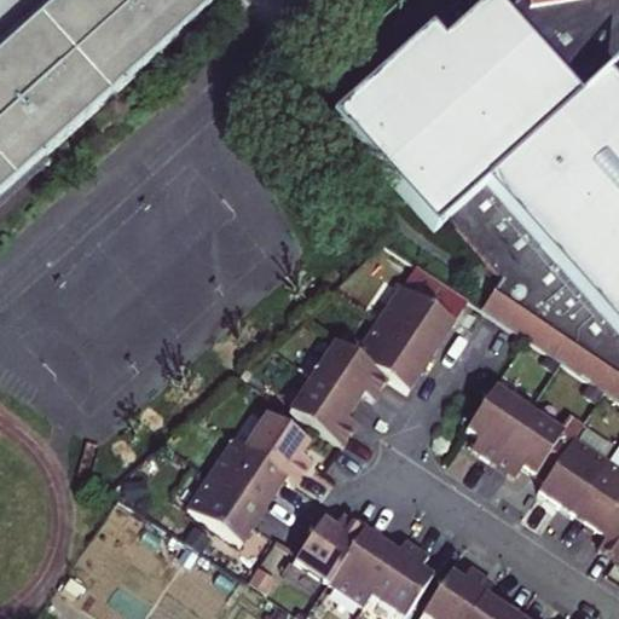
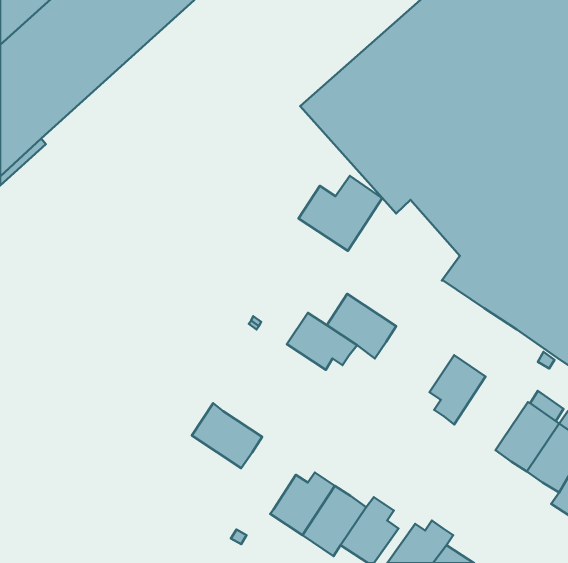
building: [378,272,469,353] -> [299,176,382,251]
building: [290,372,358,442] -> none
building: [494,407,582,476] -> none
building: [244,411,313,480] -> none
building: [189,472,264,540] -> none

